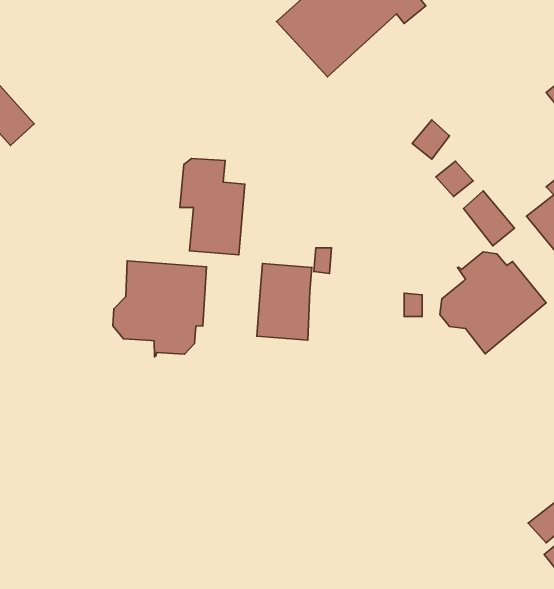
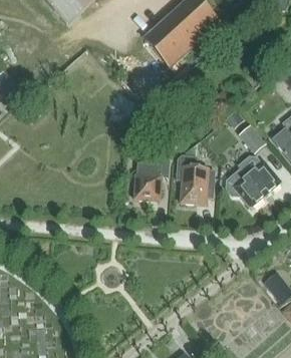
building: [180,158,245,255] -> [176,154,209,204]
building: [113,261,207,357] -> none

